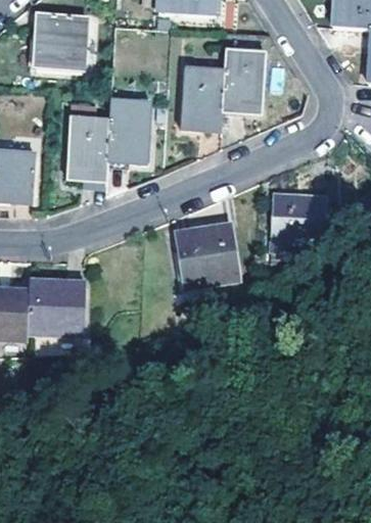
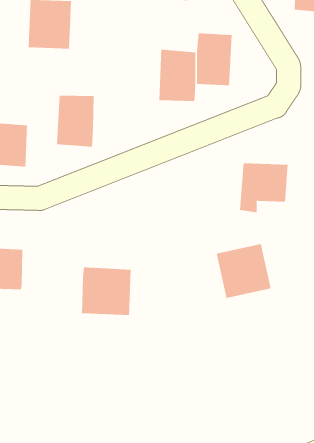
building: [108,100,148,159] -> none
building: [176,225,238,286] -> [216,244,272,298]
building: [29,280,85,334] -> [81,267,132,315]

